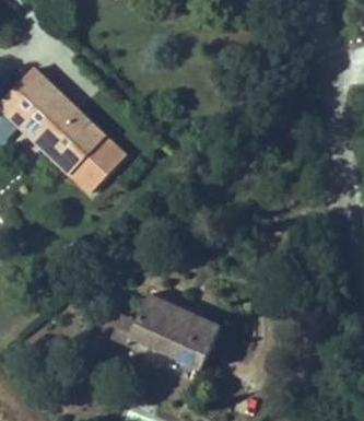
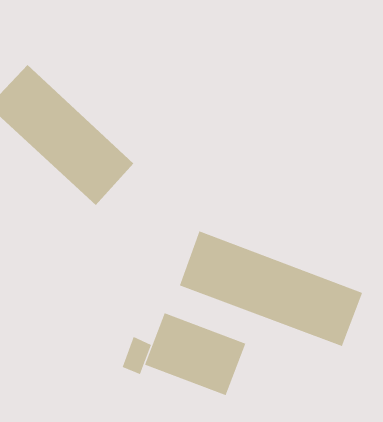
building: none -> [179,230,363,347]

